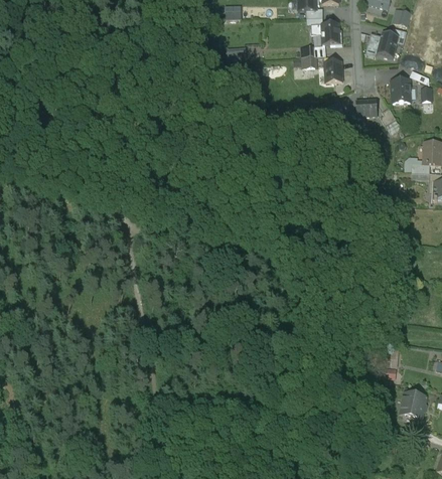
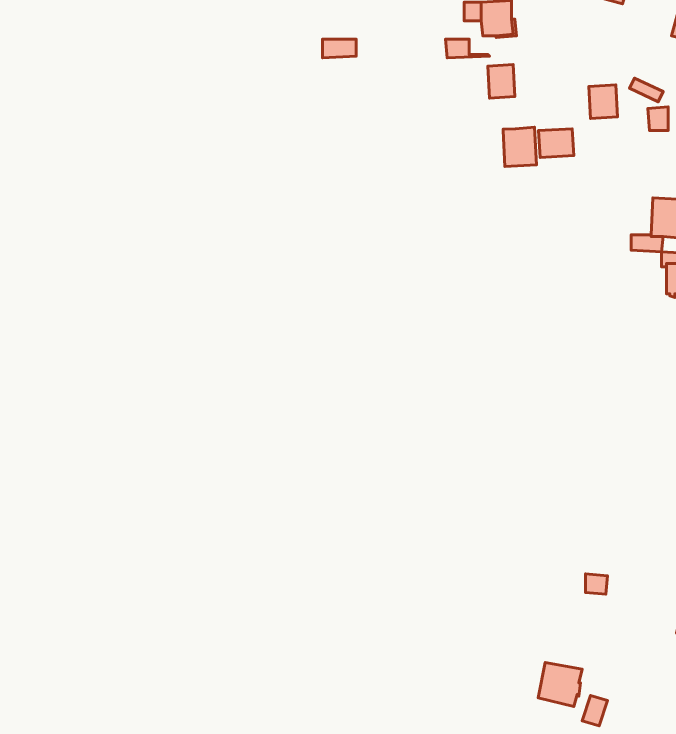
building: [376,32,399,58] -> none
building: none -> [503,127,536,167]
building: [400,392,426,419] -> [538,663,582,706]

